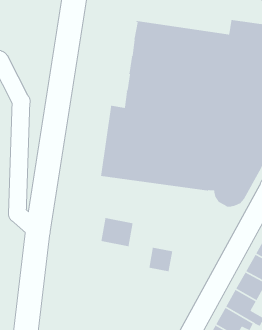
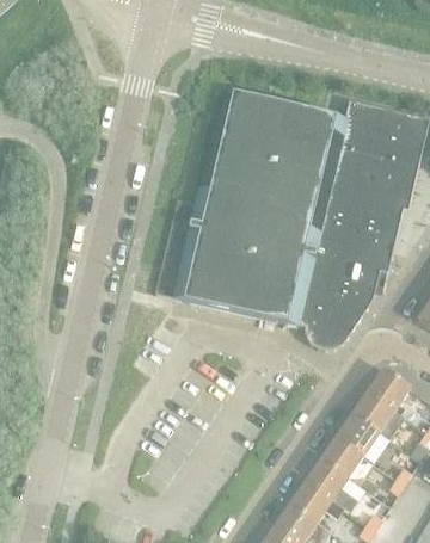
building: [101,217,133,247] -> none
building: [148,247,173,272] -> none

